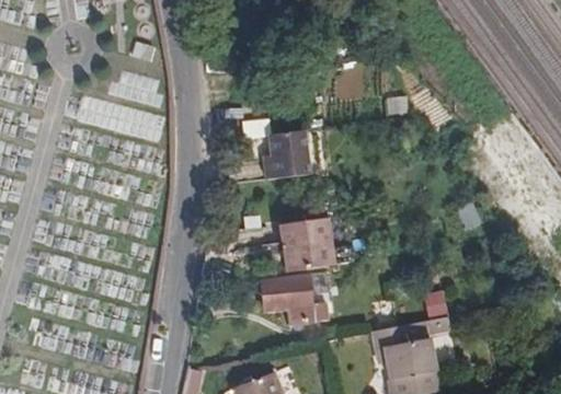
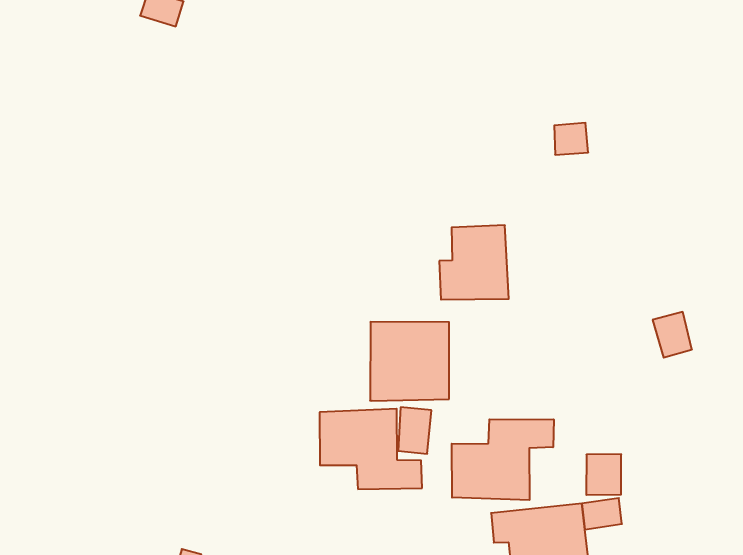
building: [265,130,309,178] -> [439,225,509,300]
building: none -> [452,419,554,500]

